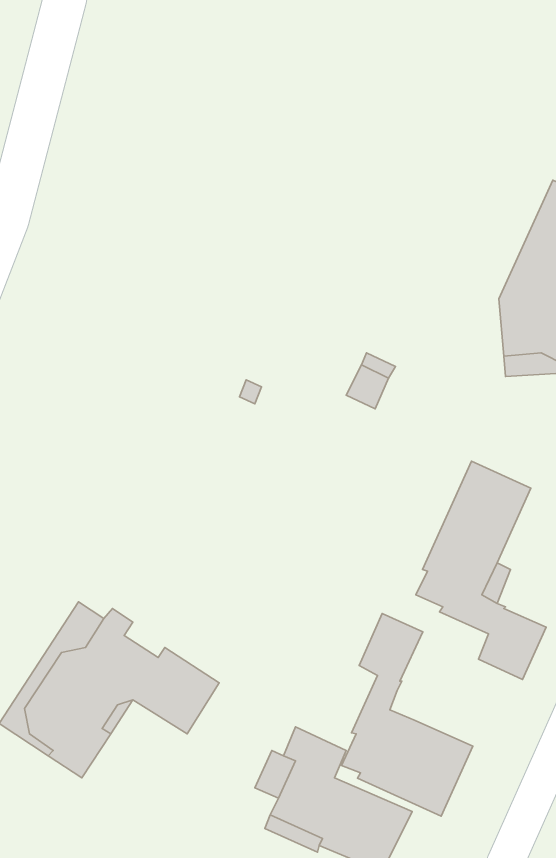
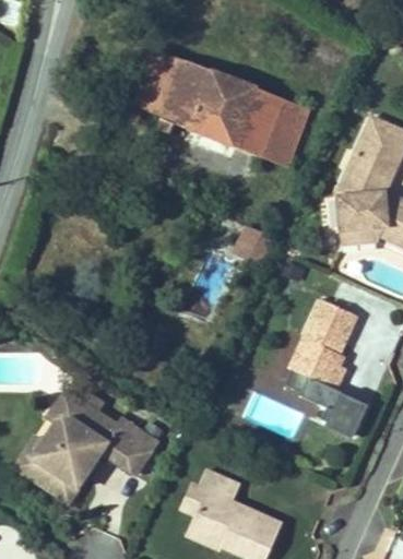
building: none -> [133,50,308,162]
building: [341,614,473,816] -> none

